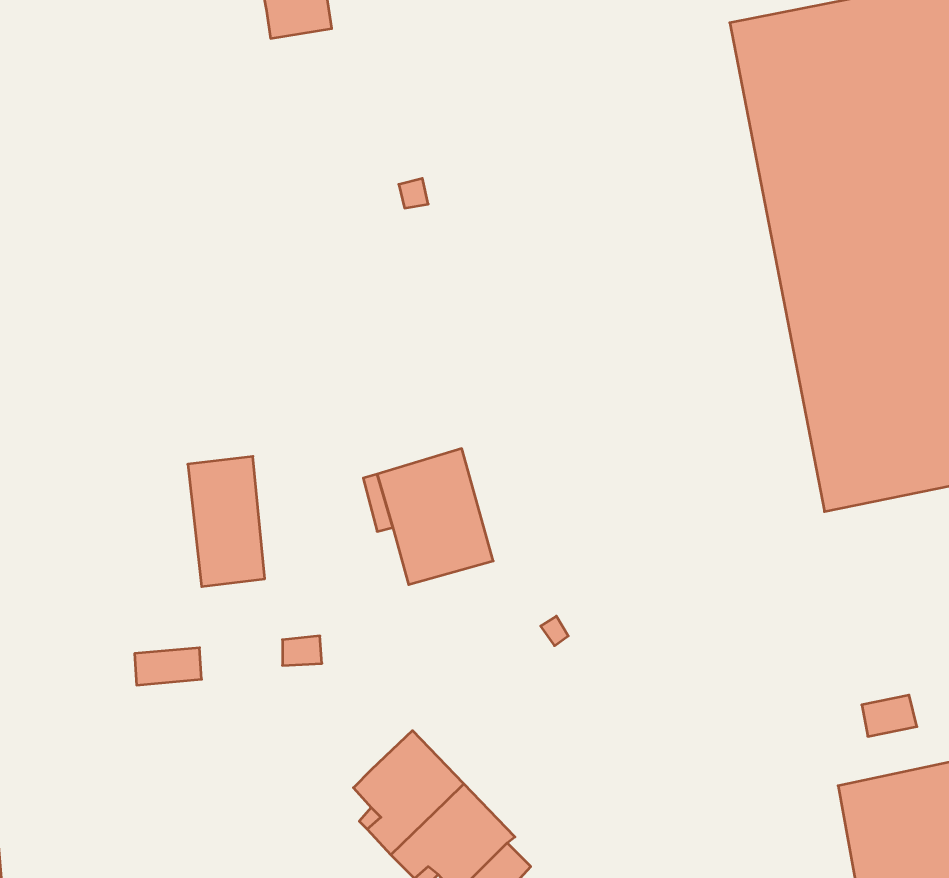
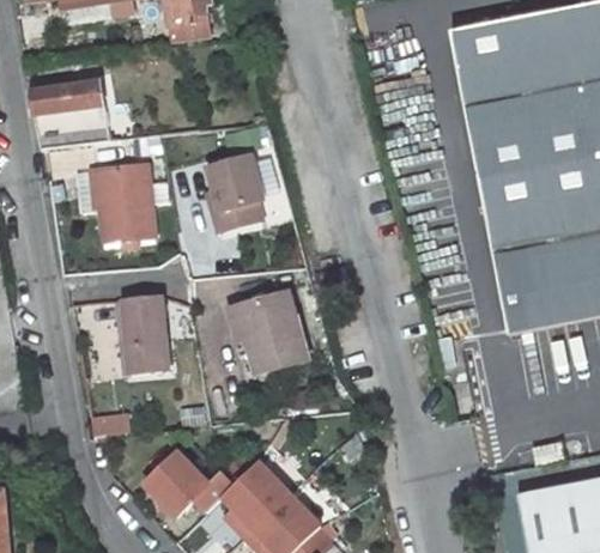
building: none -> [31,81,120,147]
building: none -> [207,154,263,230]
building: none -> [97,164,154,239]
building: none -> [146,452,234,517]

